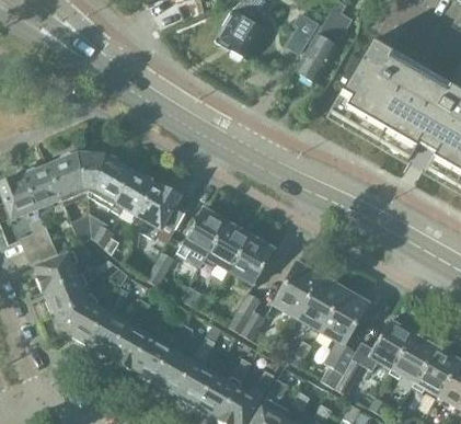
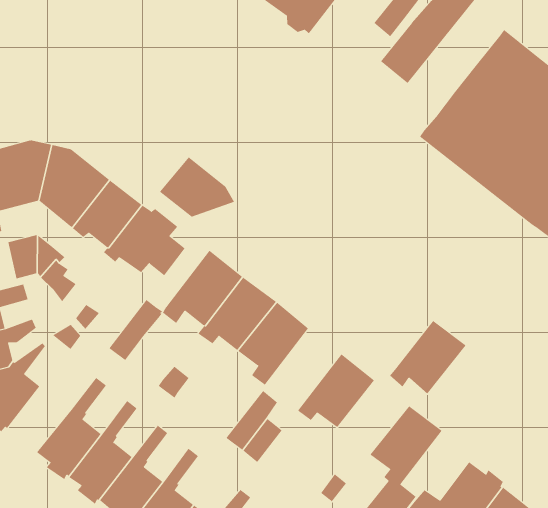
building: none -> [160,156,235,217]
building: [297,276,344,324] -> [389,320,467,394]
building: [88,287,127,356] -> none

